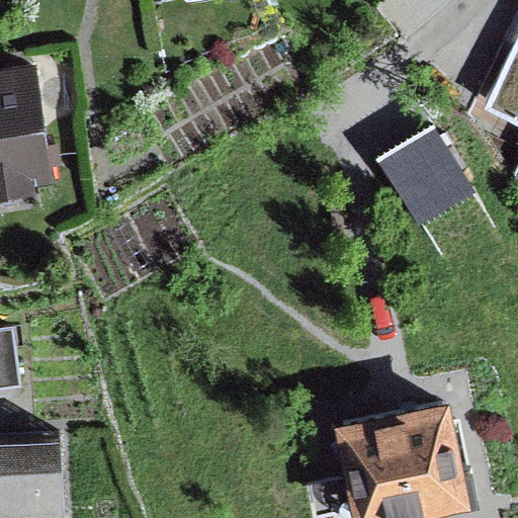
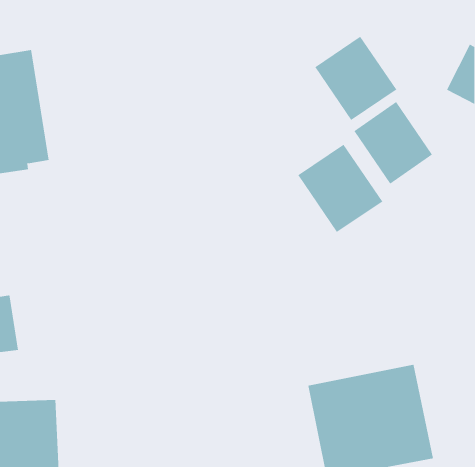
building: none -> [314,36,397,121]
building: none -> [297,144,383,233]

